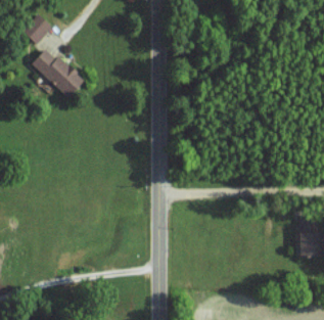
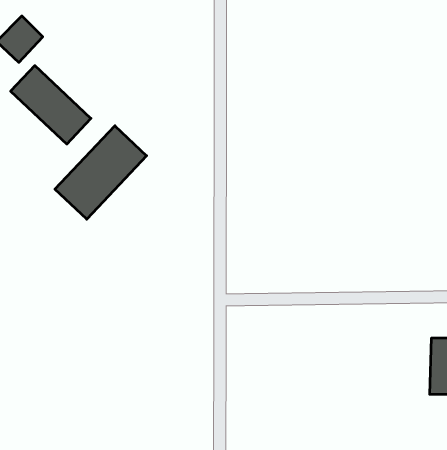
building: none -> [55,126,147,219]

